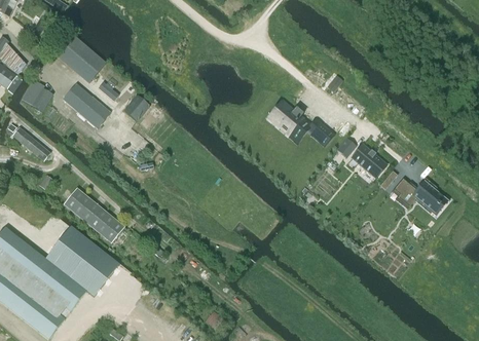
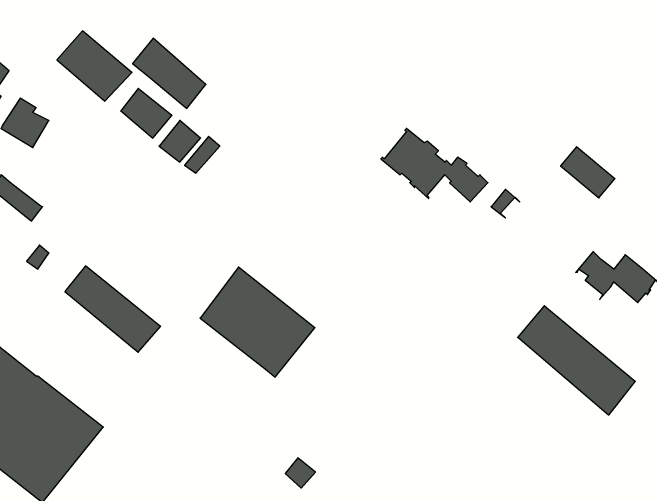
building: [63,82,110,127] -> [133,38,206,108]
building: [352,144,386,177] -> [561,147,615,198]
building: none -> [518,306,635,415]
building: [45,225,119,296] -> [200,267,315,377]

